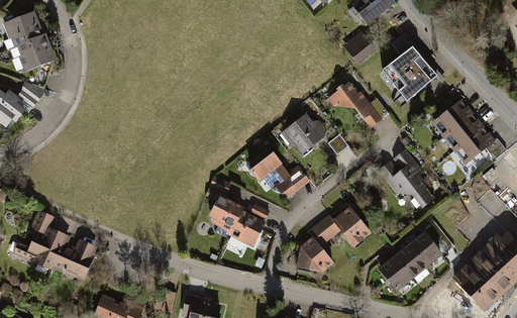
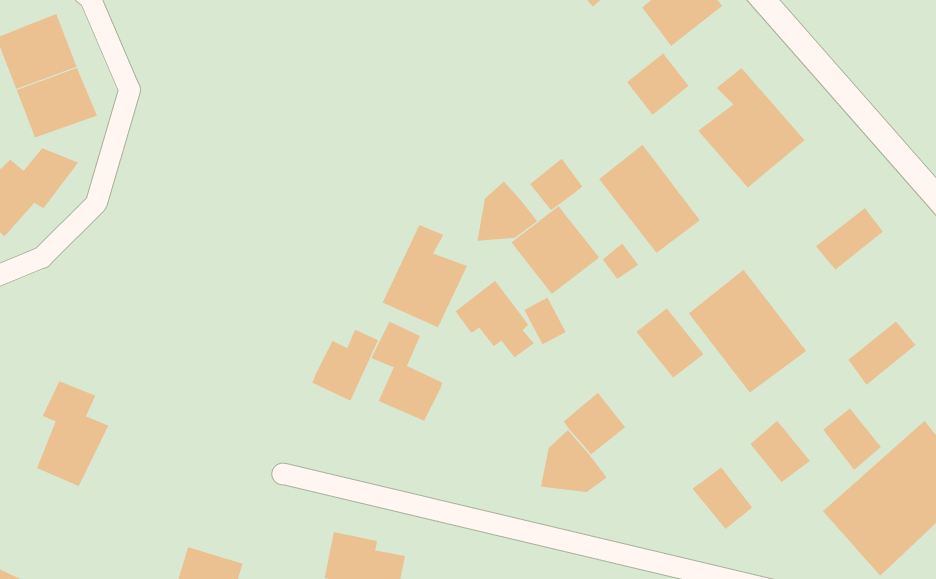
building: none -> [529,158,583,211]
building: none -> [477,181,538,241]
building: [433,100,472,134] -> none
building: none -> [382,224,468,328]
building: [455,126,493,162] -> [847,321,917,386]
building: [231,205,268,244] -> [312,329,379,402]
building: [331,205,369,243] -> [636,308,705,378]
building: [46,231,98,281] -> none
building: [394,241,426,276] -> [822,408,882,471]

